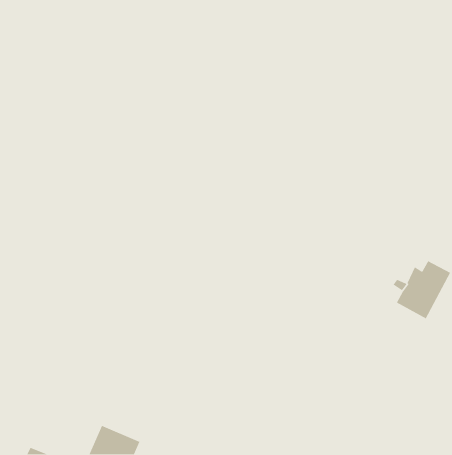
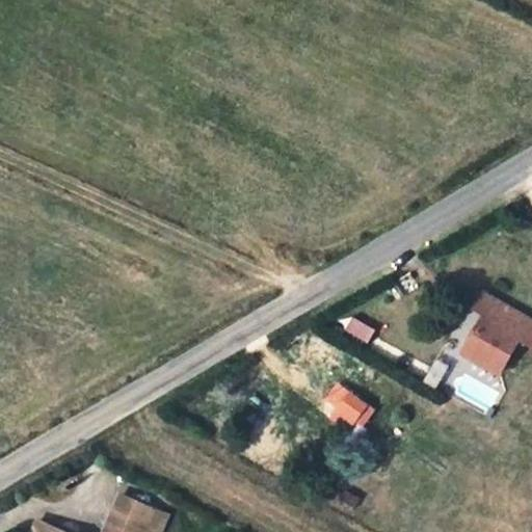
building: none -> [325,384,373,425]

